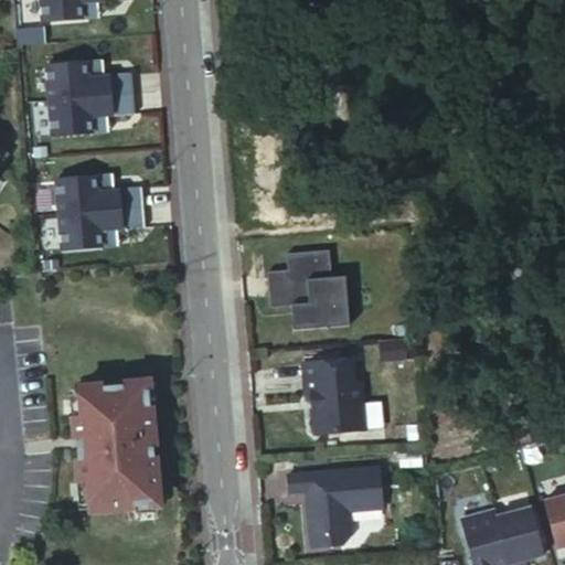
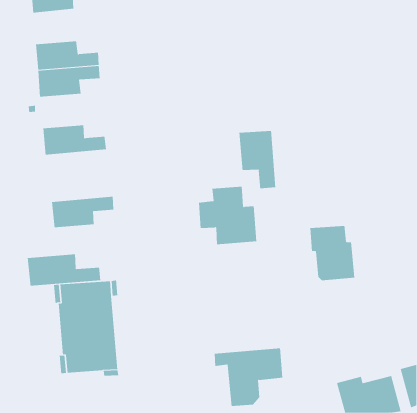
building: none -> [239,130,276,189]
building: [61,202,146,245] -> [51,196,114,228]
building: none -> [27,254,101,286]
building: [303,362,365,437] -> [309,225,355,281]

